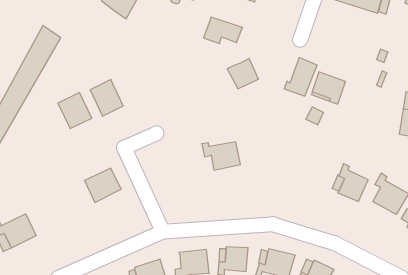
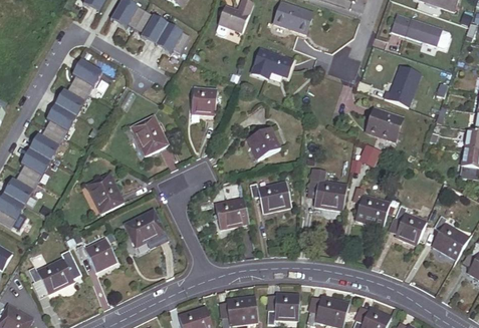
building: none -> [192,87,217,113]
building: [284,58,317,96] -> [385,65,420,106]
building: [227,58,259,89] -> [247,126,280,158]
building: [58,93,92,129] -> [87,174,124,212]
building: none -> [310,169,346,210]
building: none -> [353,188,391,227]
building: none -> [216,199,249,229]
building: none -> [76,238,117,271]

